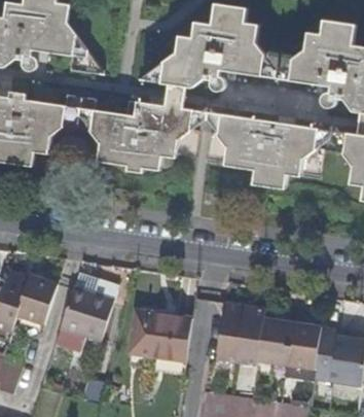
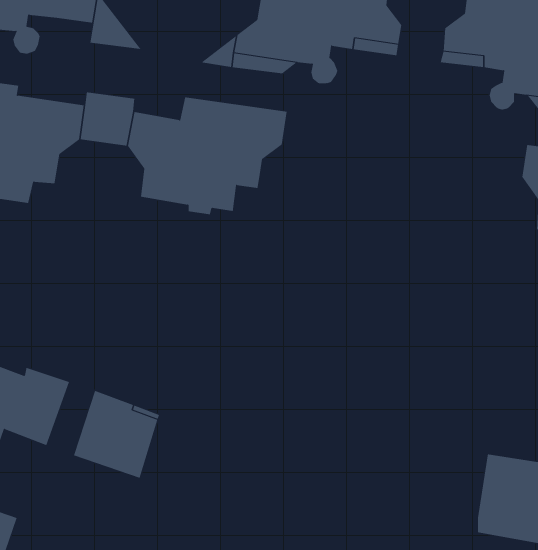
building: [217,114,319,190] -> none
building: [215,302,320,367] -> none
building: [128,309,190,368] -> none

